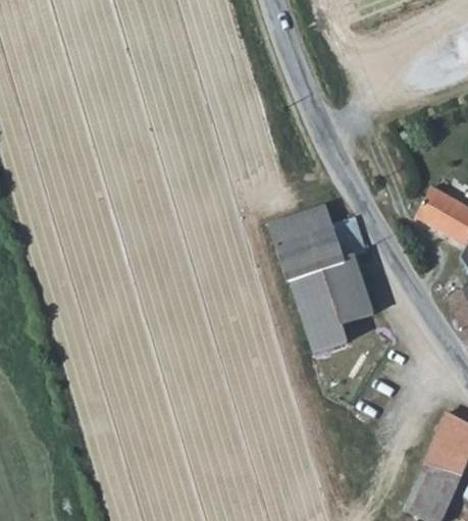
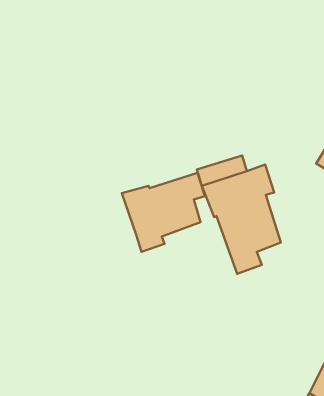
building: none -> [122,173,205,252]

